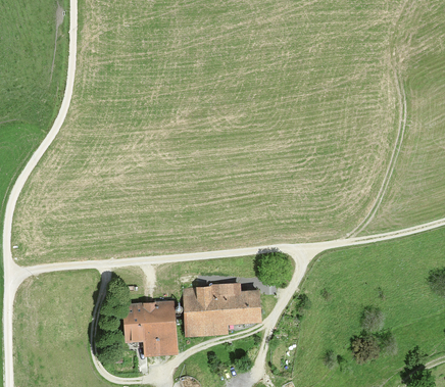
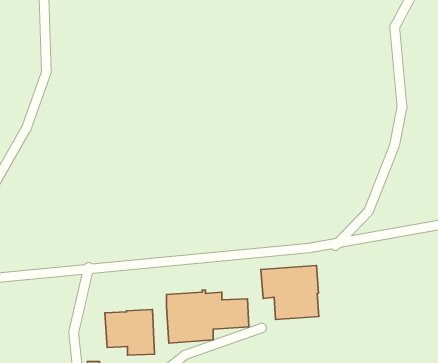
building: none -> [261,265,319,319]

